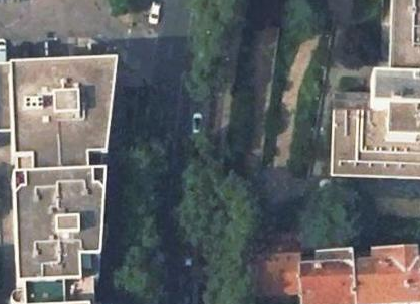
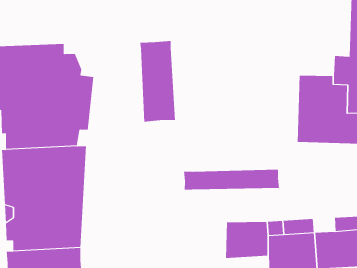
building: none -> [140,40,175,122]
building: [80,58,118,97] -> none
building: none -> [183,169,279,191]

